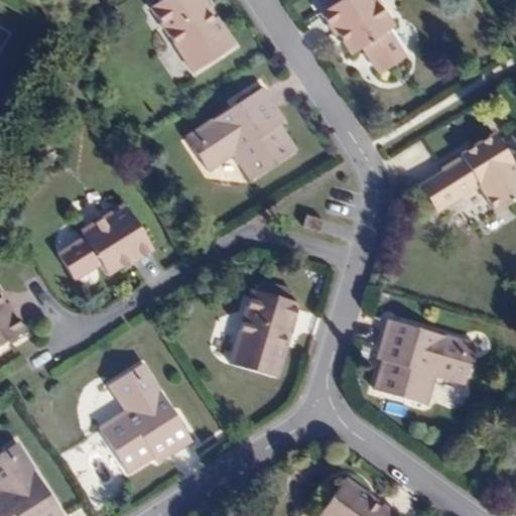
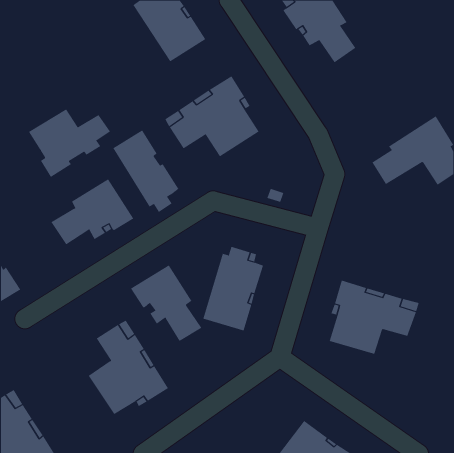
building: none -> [28,109,111,178]
building: none -> [112,129,179,213]
building: none -> [130,265,202,342]

